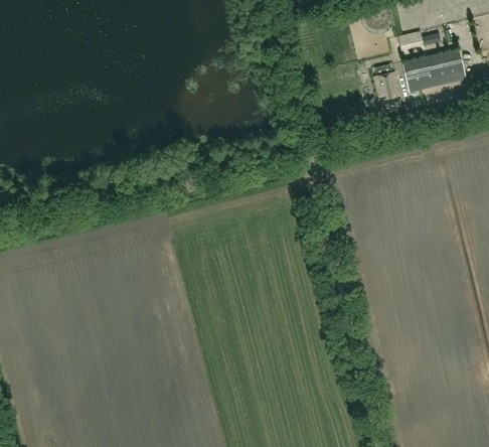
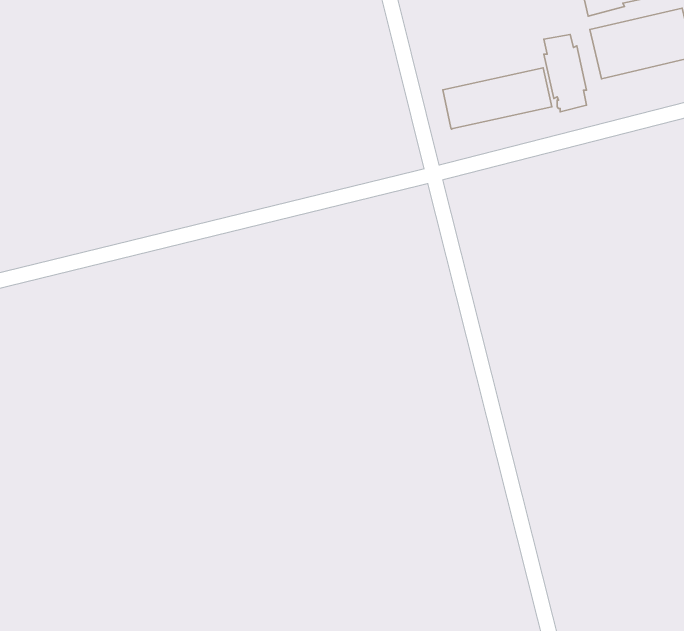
building: none -> [443,68,552,129]

